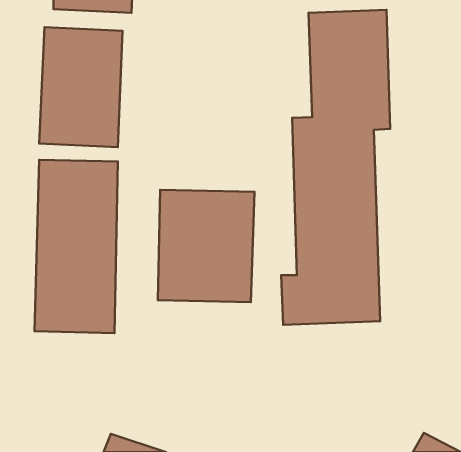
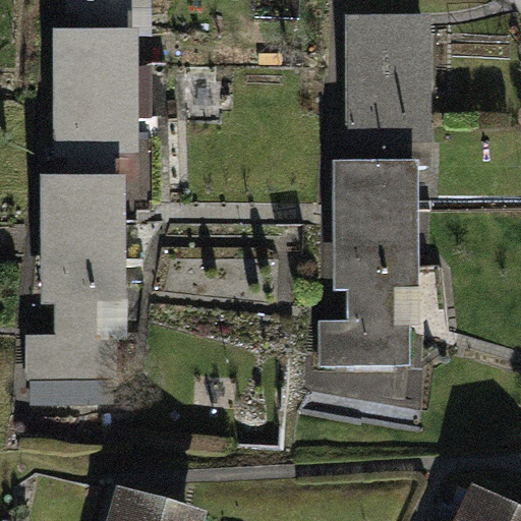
building: [158,190,254,302] -> none

